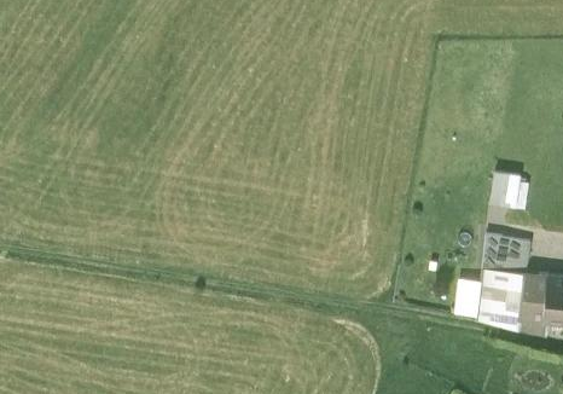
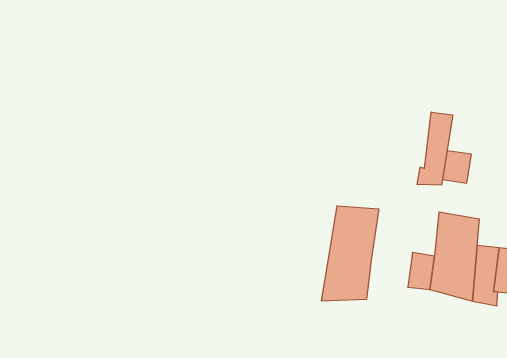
building: none -> [417,112,453,185]
building: none -> [321,206,379,301]

